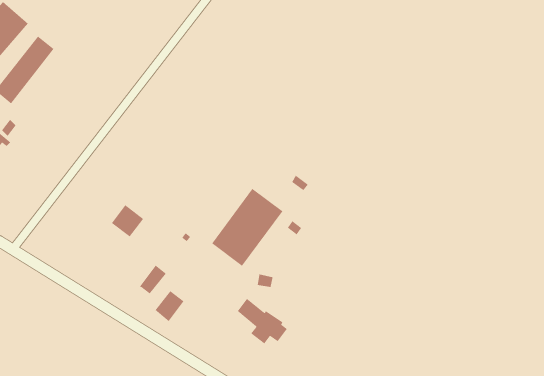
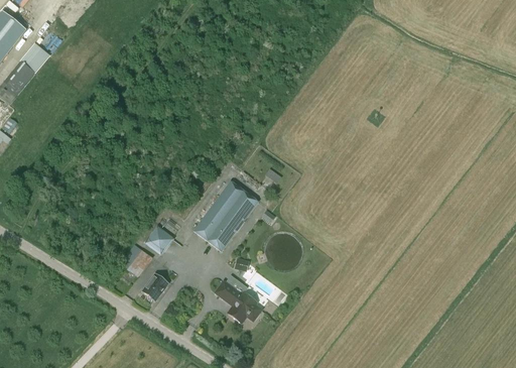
building: [111,204,144,238] -> [143,225,173,255]

